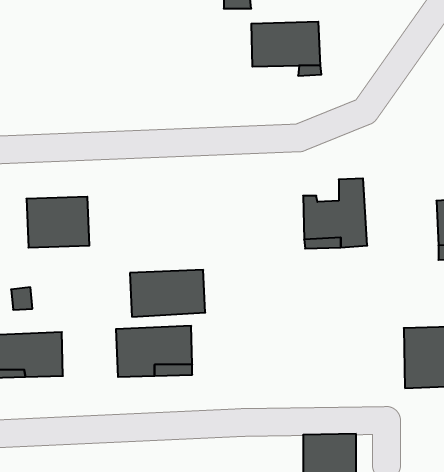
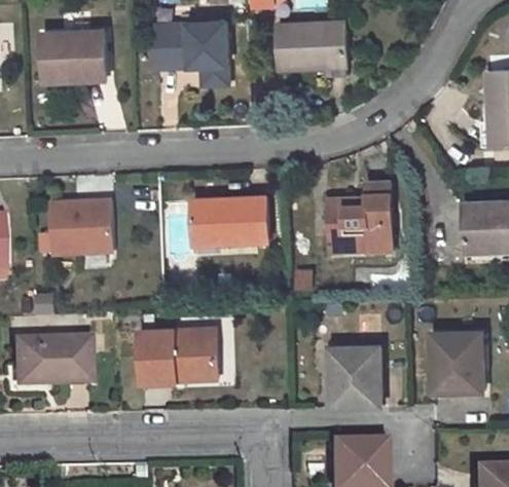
building: none -> [157,7,230,83]
building: none -> [44,29,108,80]
building: [130,270,205,317] -> [193,196,269,244]
building: none -> [330,346,381,406]

